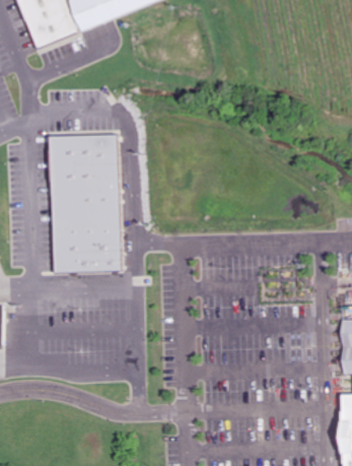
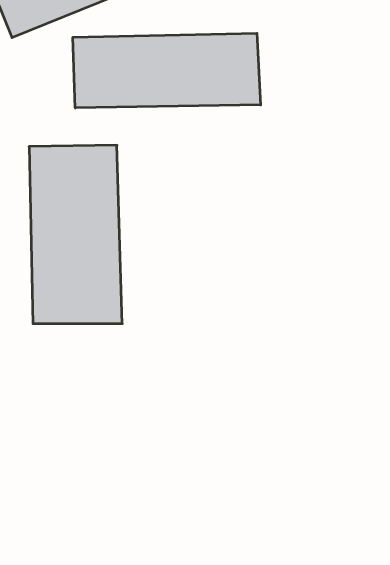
building: none -> [73,33,261,108]

